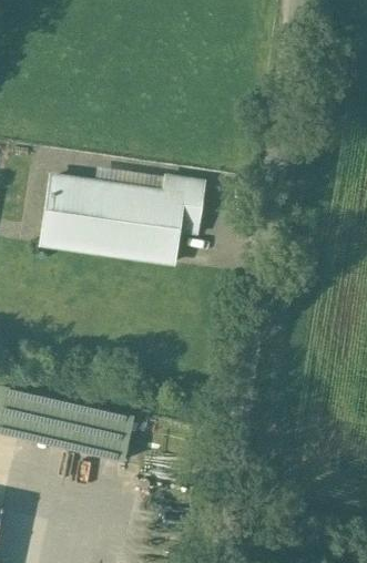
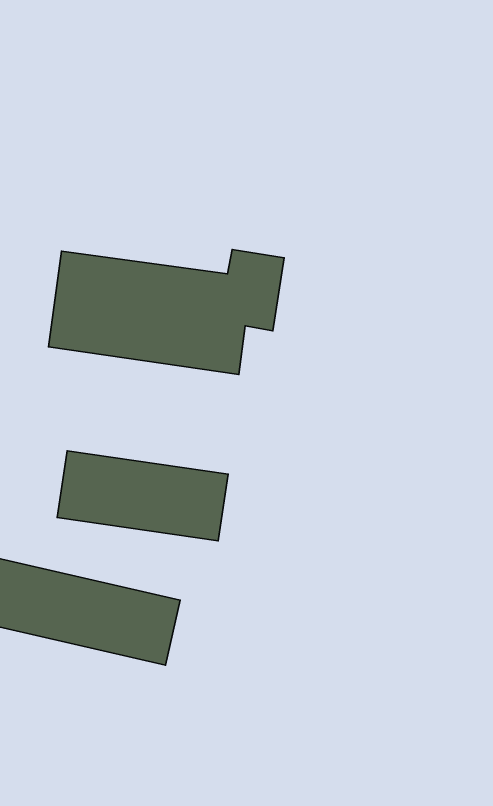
building: none -> [57,451,228,541]

